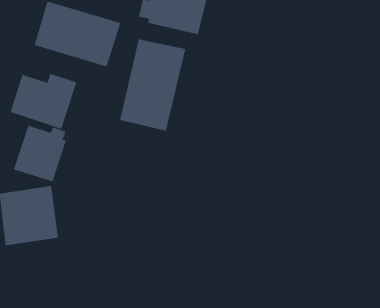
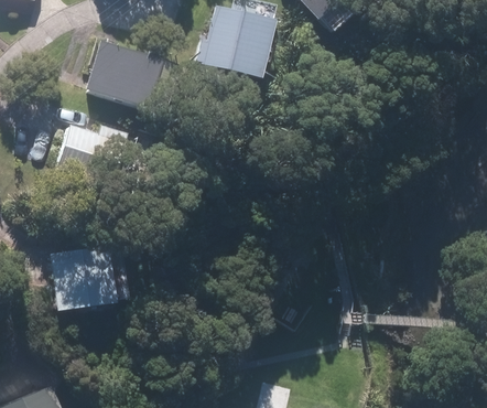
building: [119,38,186,132] -> none
building: [13,125,66,182] -> none

